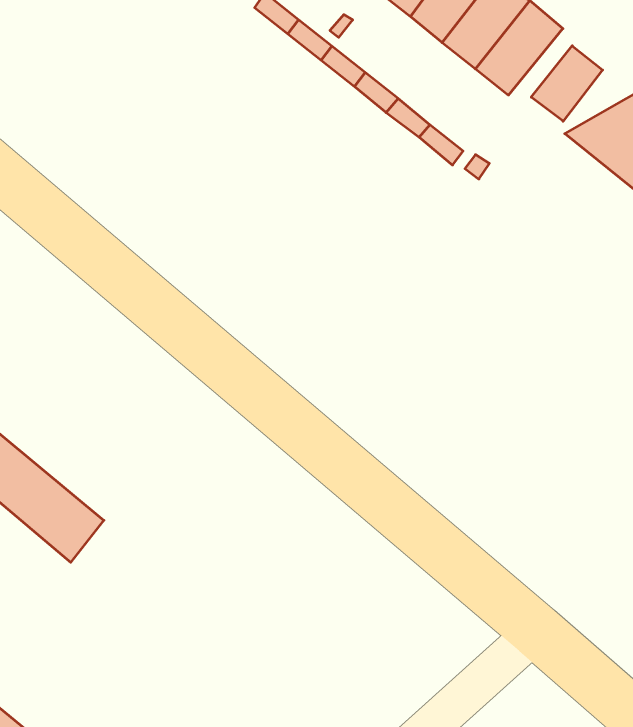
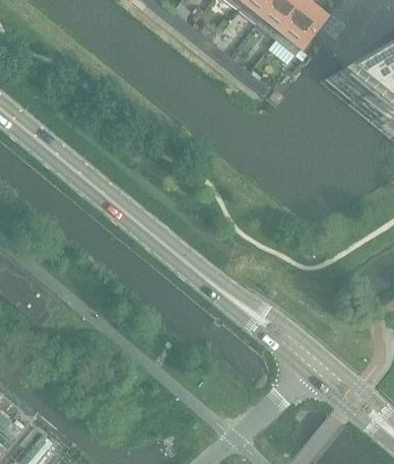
building: [531,46,603,121] -> none

